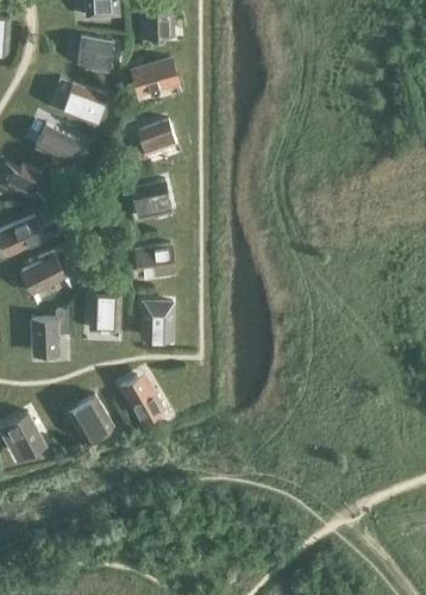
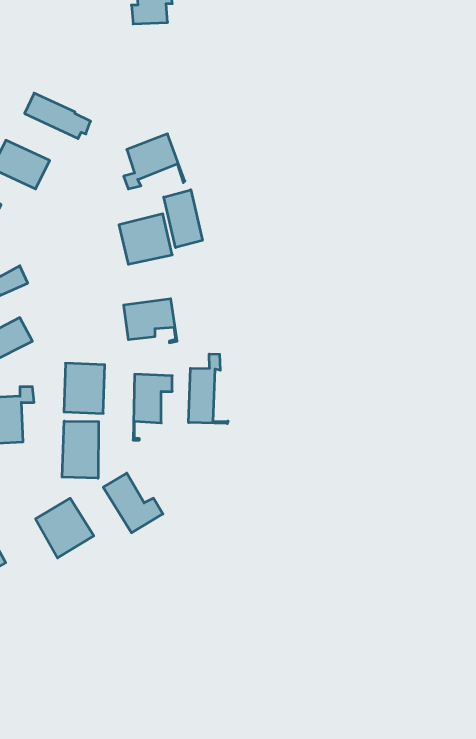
building: [76,38,113,71] -> none
building: [132,60,181,96] -> none
building: none -> [164,190,202,248]
building: none -> [189,354,228,424]
building: none -> [62,421,99,478]

